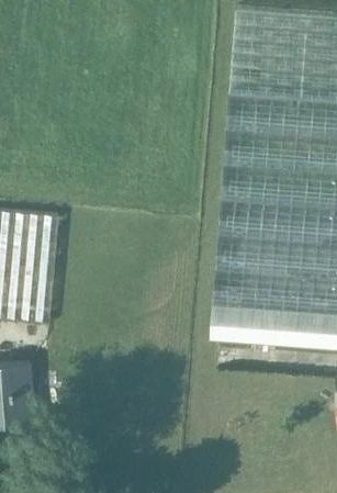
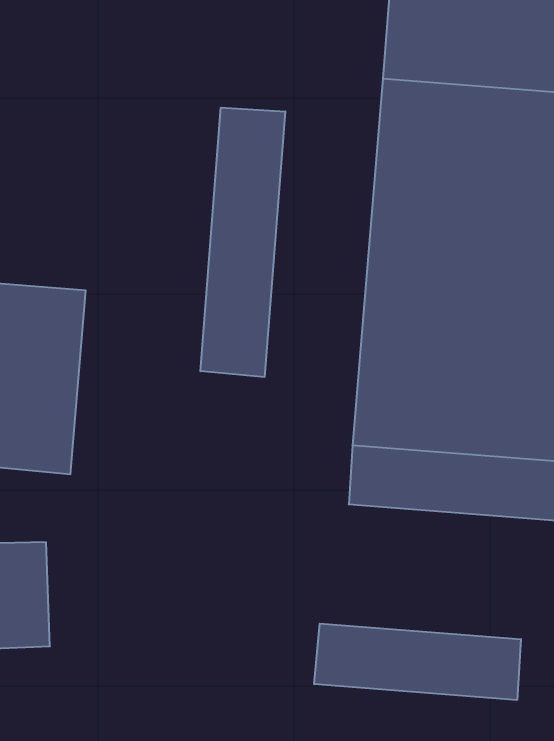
building: none -> [200,108,285,377]
building: none -> [314,624,521,700]

